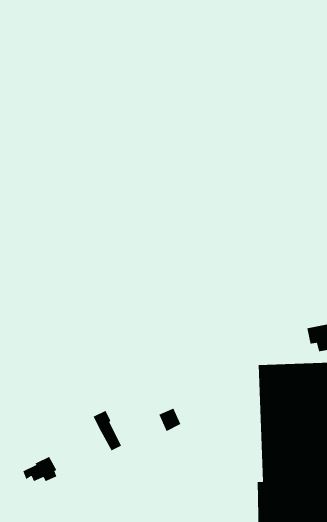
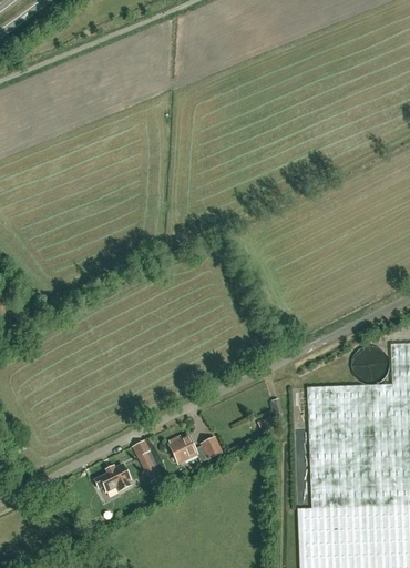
building: none -> [167,434,197,464]
building: [23,456,57,482] -> [94,464,130,490]

